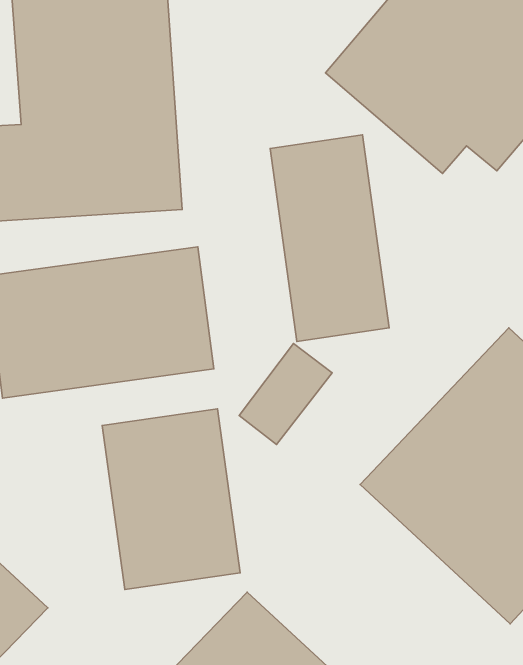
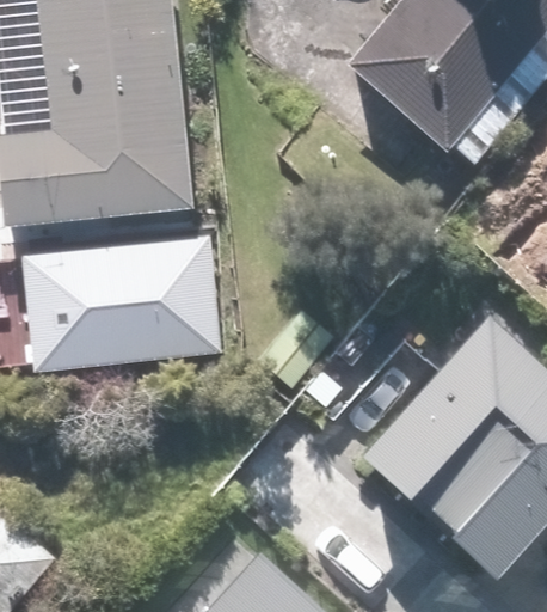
building: [270,135,389,341] -> none
building: [102,409,240,589] -> none

